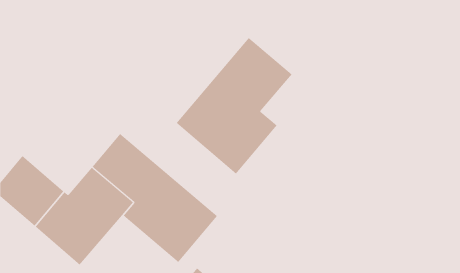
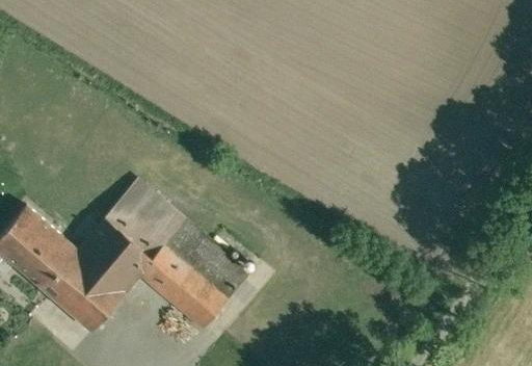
building: [176,37,292,174] -> none

